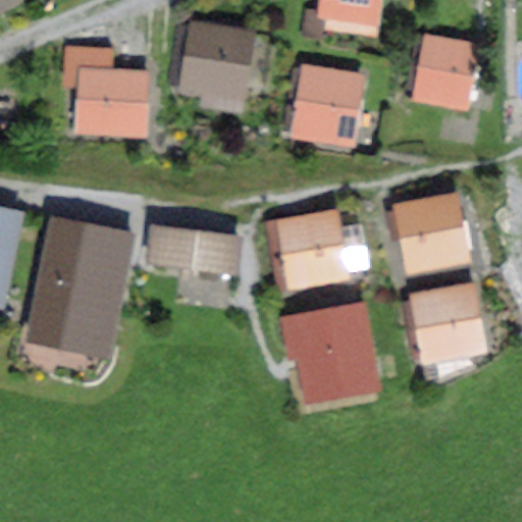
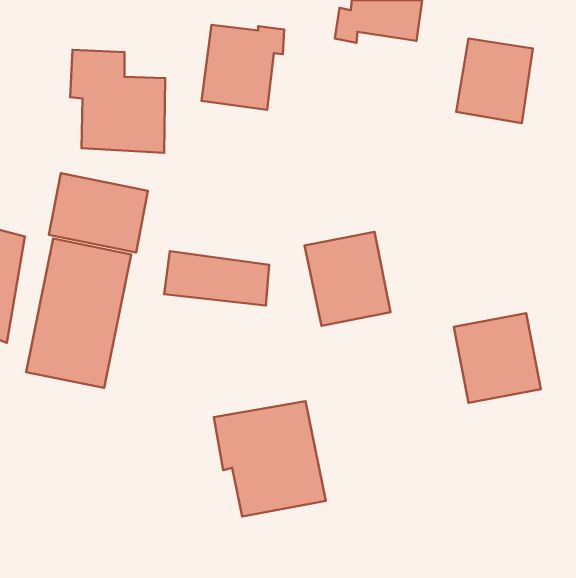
building: [291,64,364,147] -> none
building: none -> [49,173,148,252]
building: [394,192,471,275] -> none
building: [281,302,382,406] -> [214,401,326,517]

